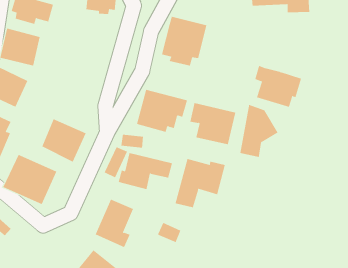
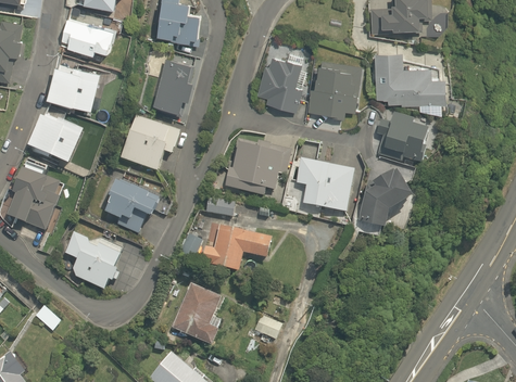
building: none -> [375,53,444,106]
building: none -> [154,59,197,112]
building: none -> [310,66,363,117]
building: none -> [121,117,181,173]
building: [175,158,225,208] -> none

